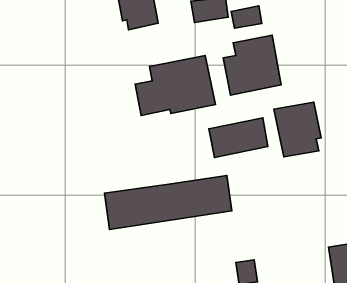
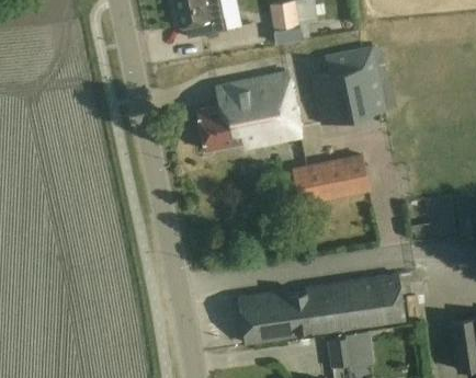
building: [231,6,262,28] -> none
building: [274,102,321,157] -> none
building: [104,175,232,229] -> [239,274,405,344]

